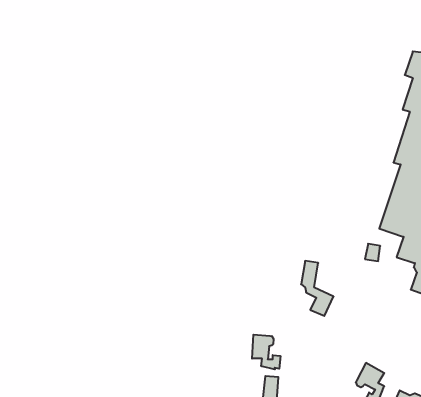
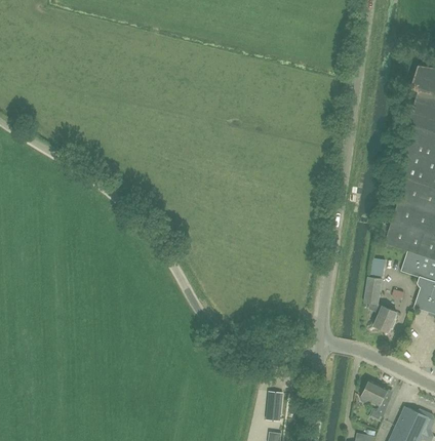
building: [301,261,334,316] -> [364,277,397,332]
building: [252,335,280,369] -> none

